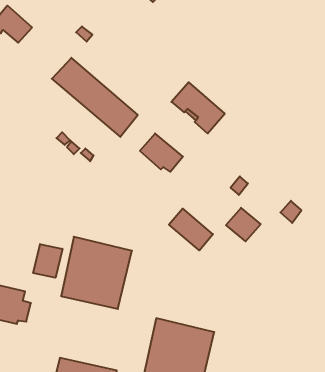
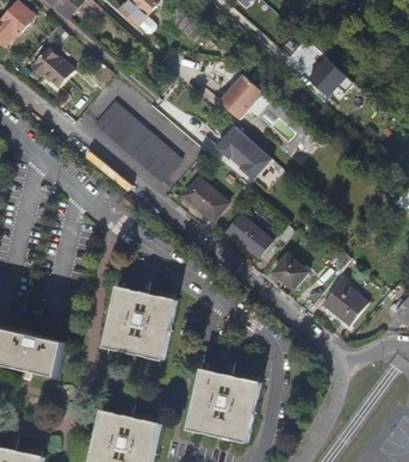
building: none -> [308,54,347,94]
building: none -> [218,73,262,118]
building: [169,209,213,250] -> [225,215,271,258]
building: none -> [322,279,367,324]
building: [33,244,62,278] -> none

